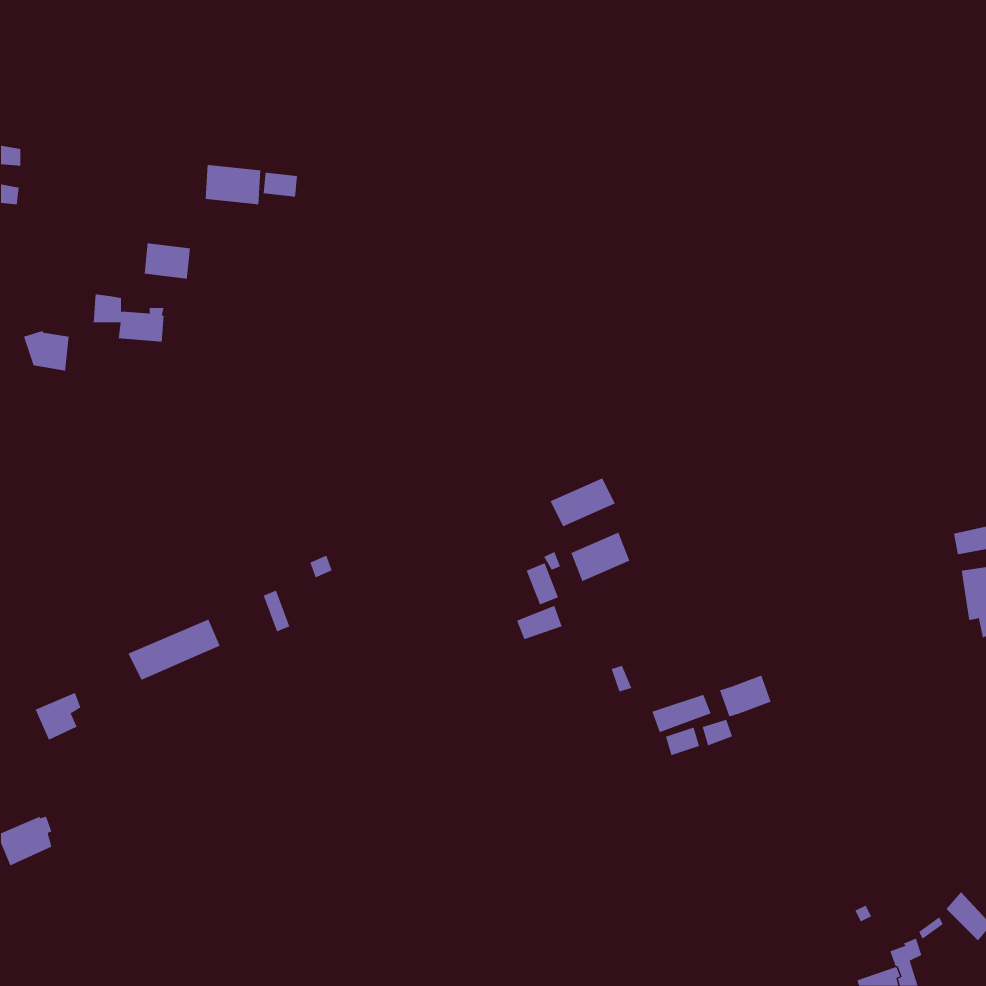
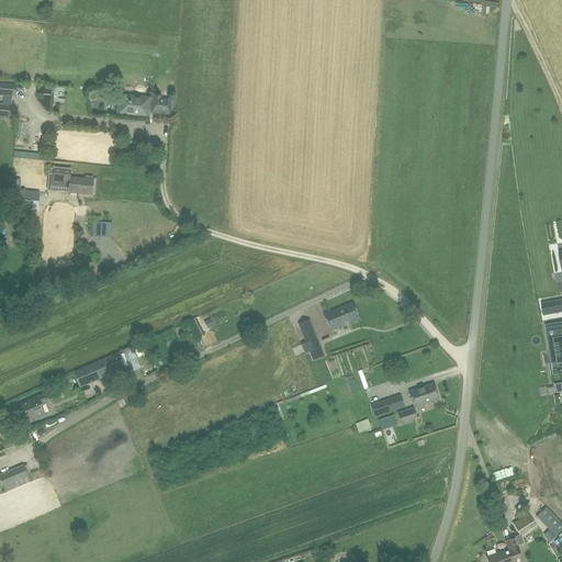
building: [144,242,190,280] -> none
building: [550,477,616,527] -> none

